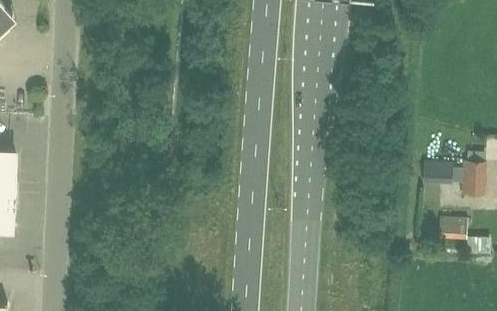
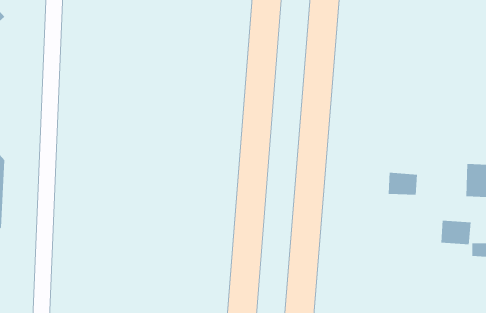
building: [423,161,452,183] -> [388,172,418,195]

